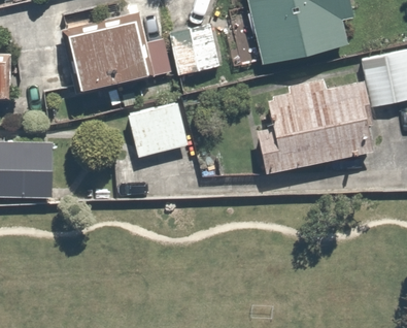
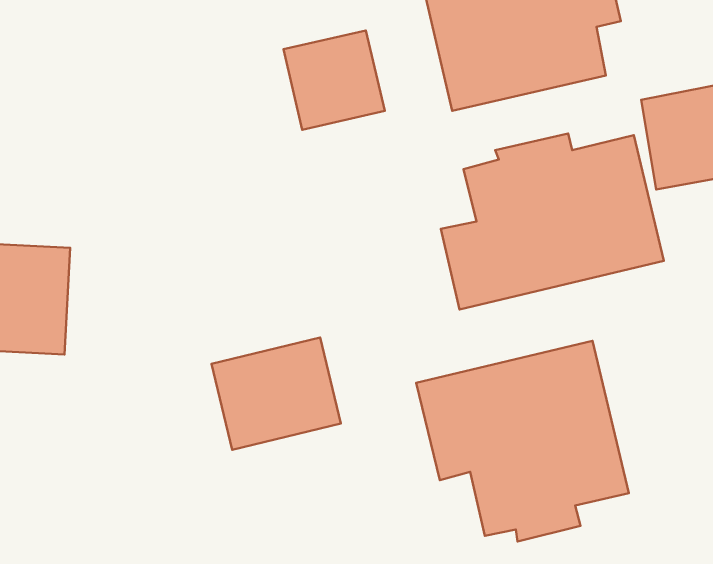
building: [59,14,146,95] -> none
building: [124,100,195,162] -> [212,338,341,450]
building: none -> [416,341,629,541]

